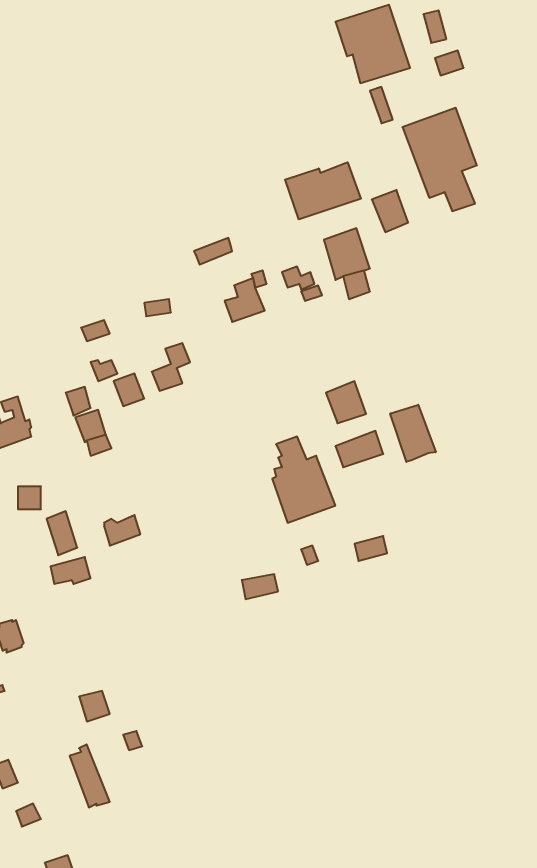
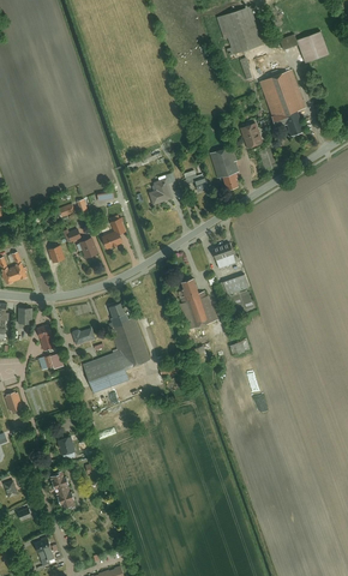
building: none -> [298,31,329,62]
building: [285,162,361,219] -> none
building: [390,405,436,462] -> none
building: none -> [80,301,149,394]

